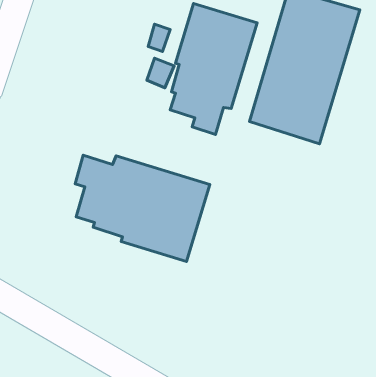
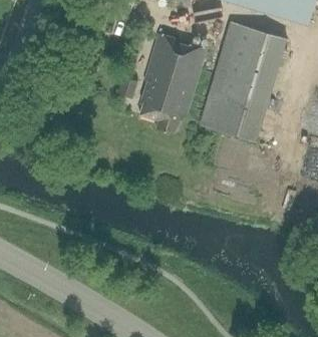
building: [75,155,210,261] -> none

